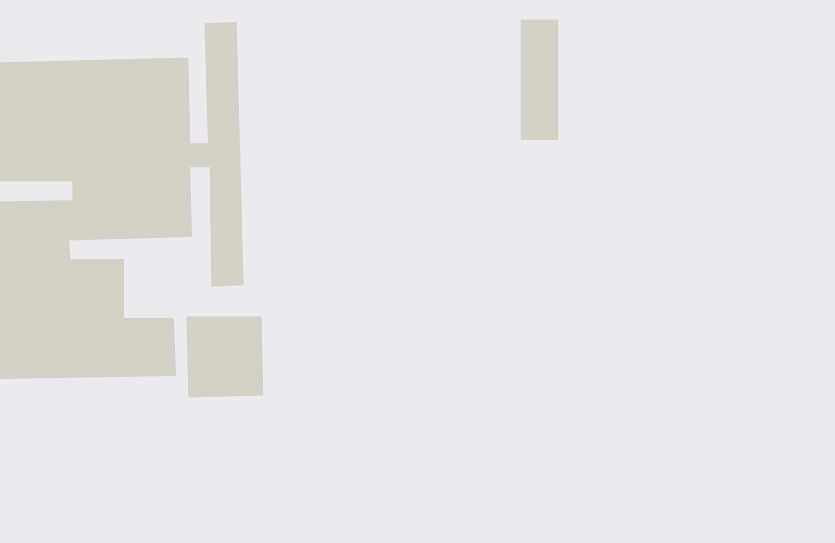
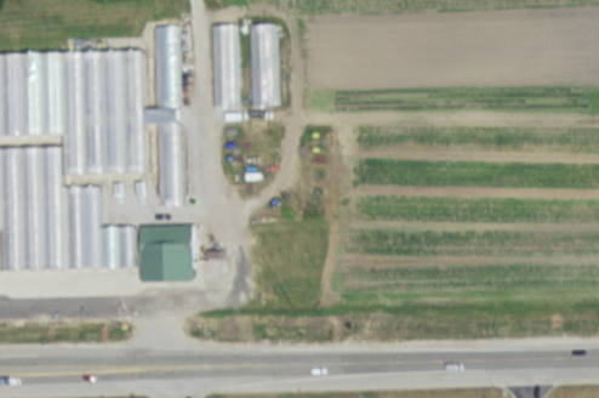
building: [520,19,559,141] -> [250,25,276,108]
building: none -> [212,27,236,109]

